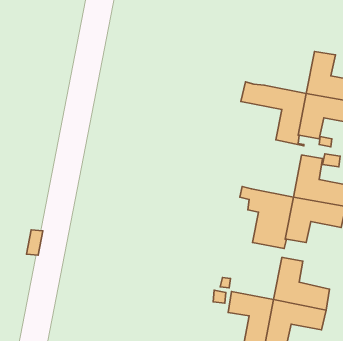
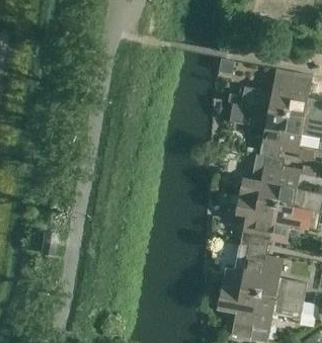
building: none -> [240,74,293,114]
building: none -> [238,155,284,204]
building: none -> [221,244,266,293]

